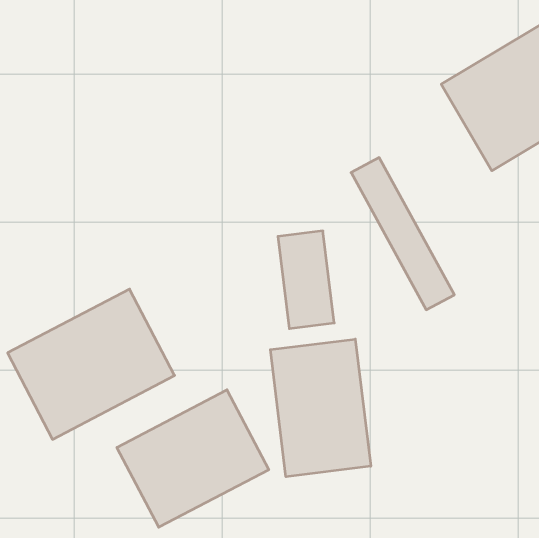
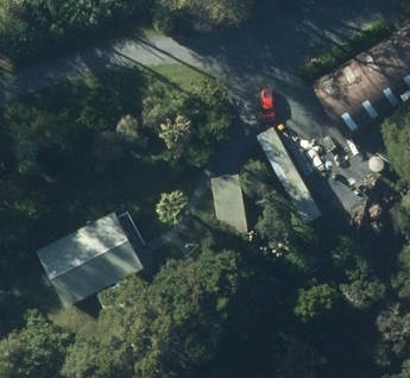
building: [270,339,371,477] -> none
building: [117,390,269,527] -> none

